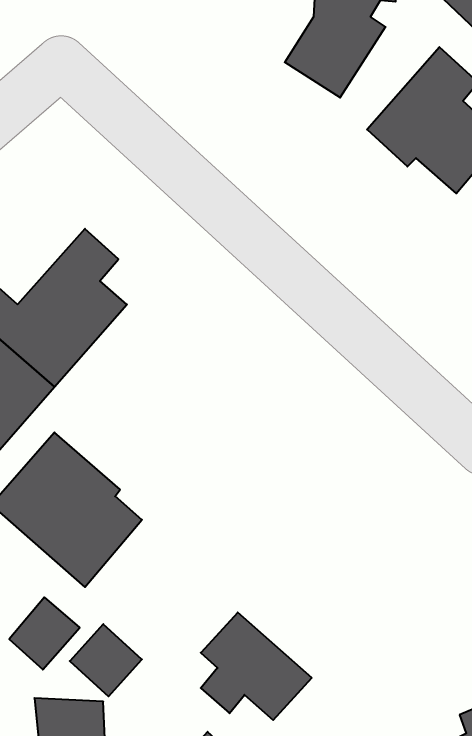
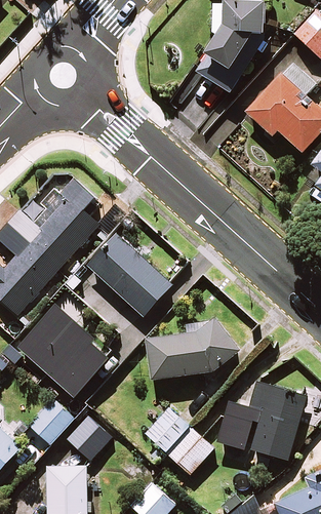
building: none -> [85,231,172,315]
building: none -> [146,315,241,378]
building: none -> [216,380,306,459]

